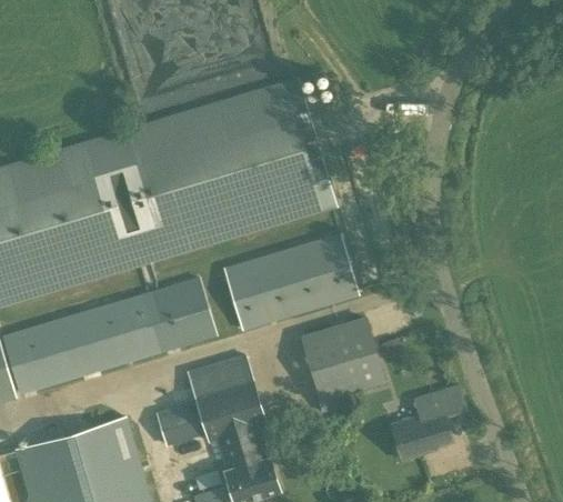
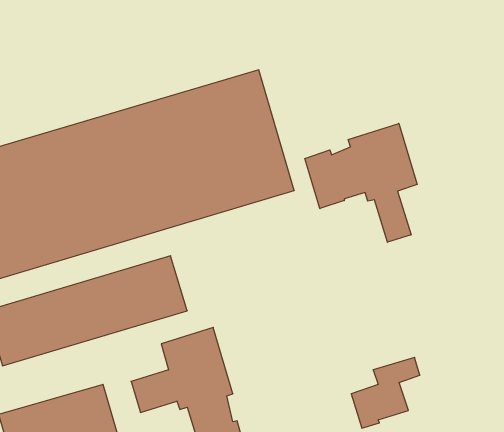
building: none -> [305,123,417,242]
building: [222,234,358,331] -> none
building: [299,317,385,403] -> none

